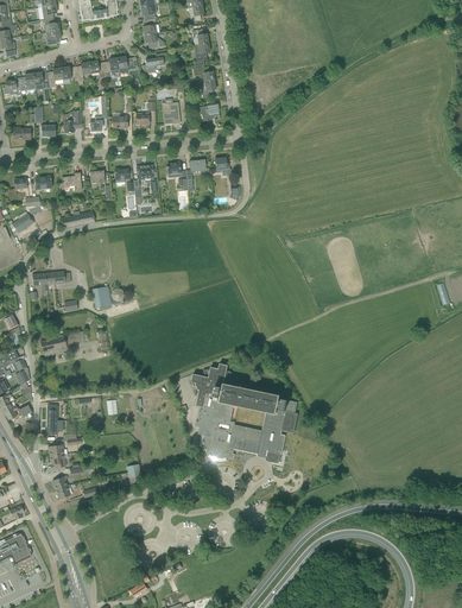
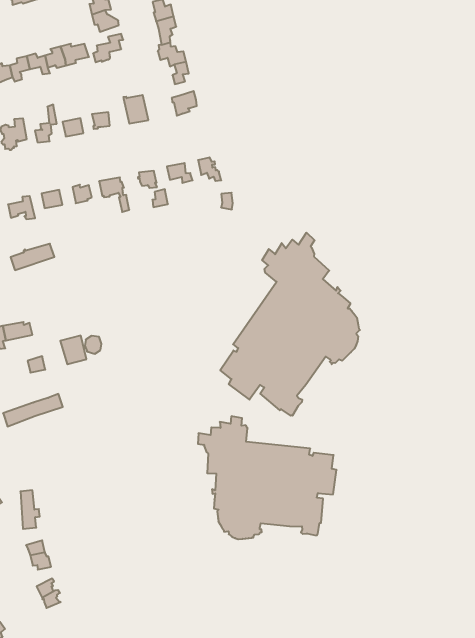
building: none -> [220,233,360,416]

